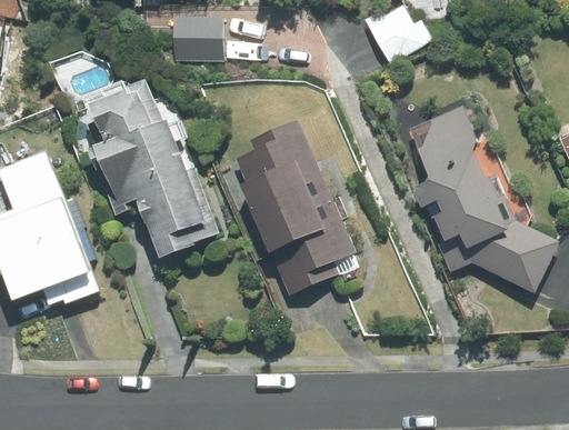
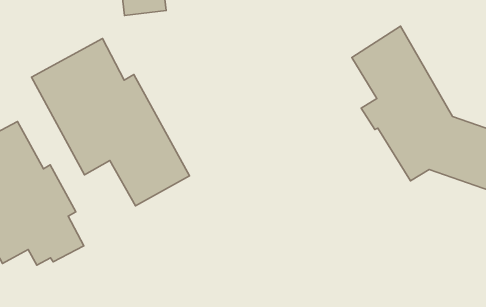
building: [234,118,355,294] -> none

